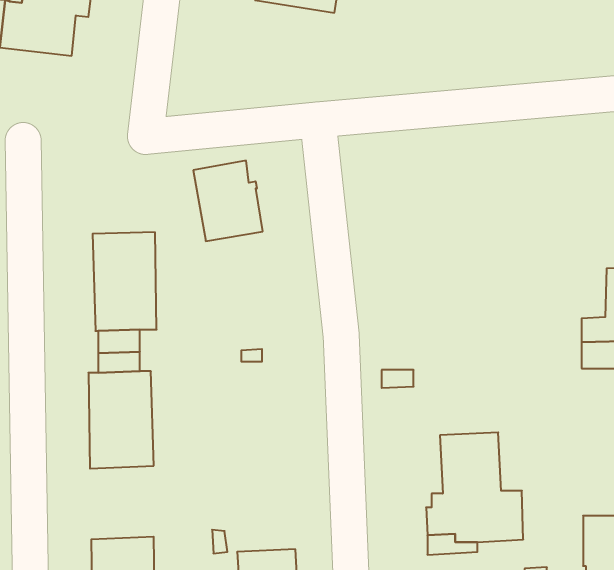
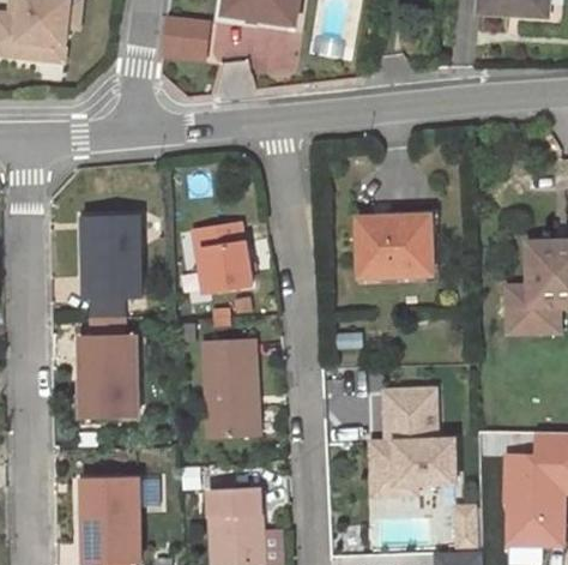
building: none -> [163,19,211,64]
building: [193,161,263,241] -> [193,223,253,293]
building: none -> [359,217,429,275]
building: none -> [203,339,256,437]

